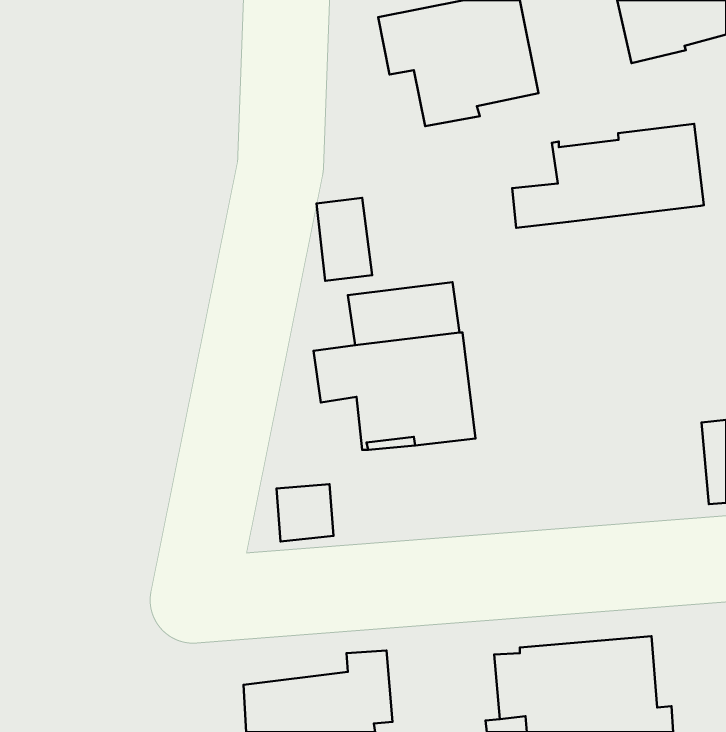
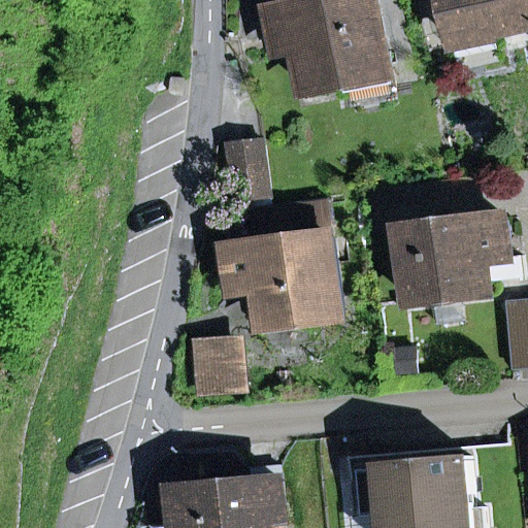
building: [512,124,704,228] -> none
building: none -> [402,220,508,302]

